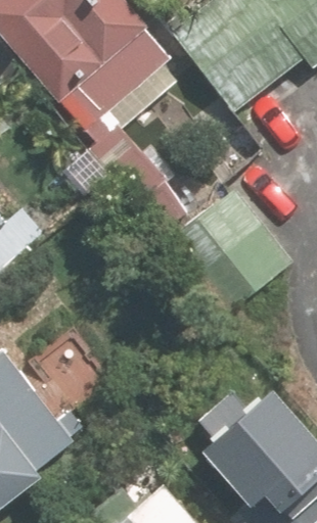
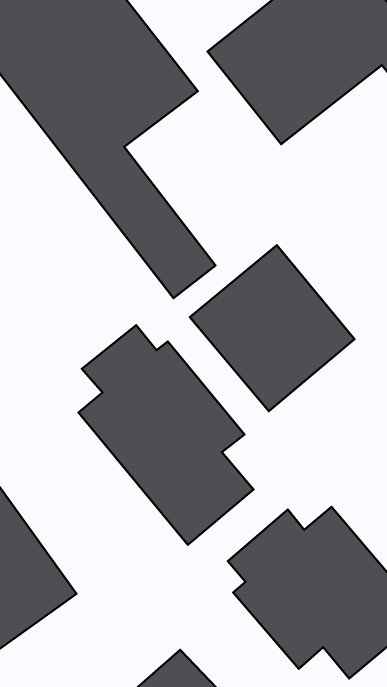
building: none -> [78,325,253,545]

